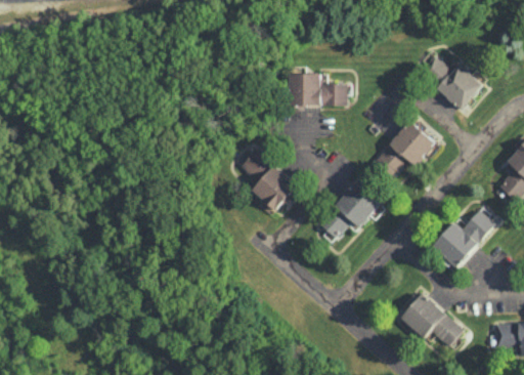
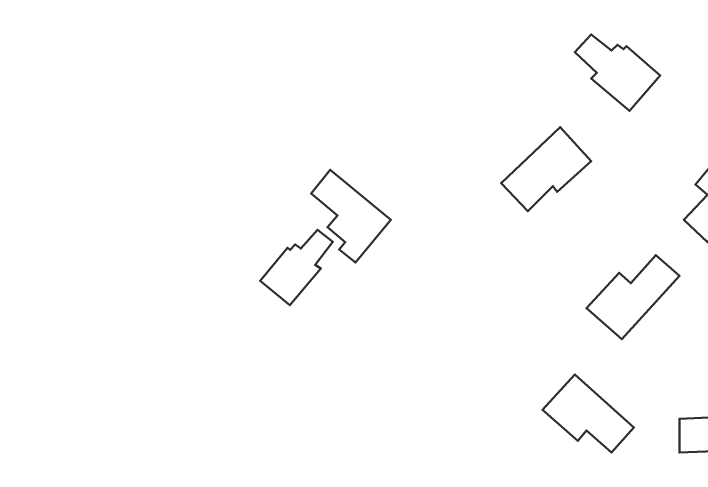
building: [290,72,348,106] -> none
building: [320,177,385,238] -> none
building: none -> [260,230,333,305]

